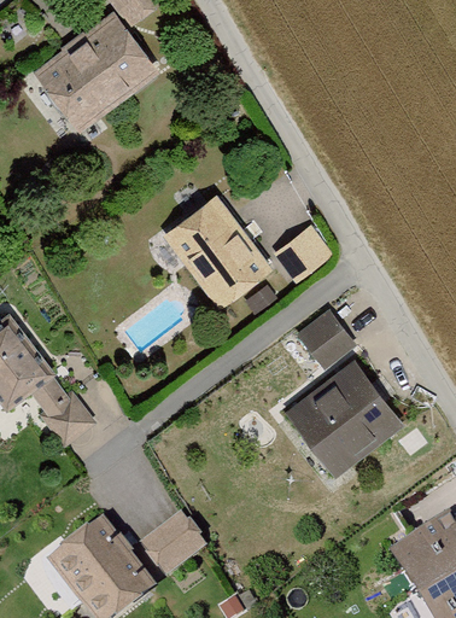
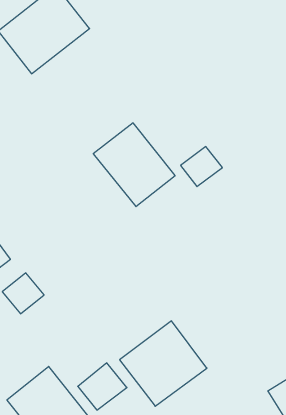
building: [299,310,356,367] -> none
building: [286,360,402,473] -> [120,321,207,406]

